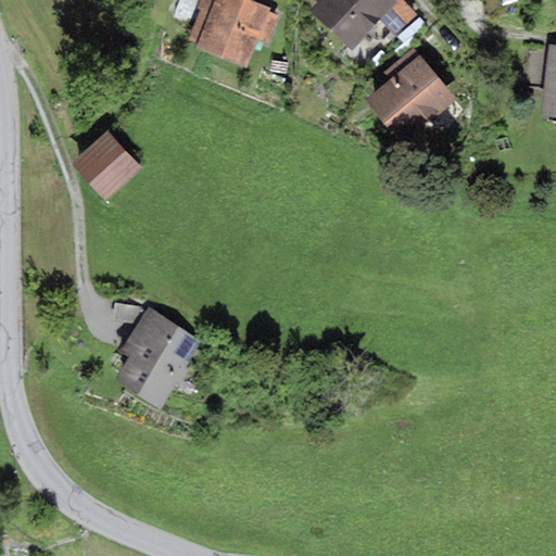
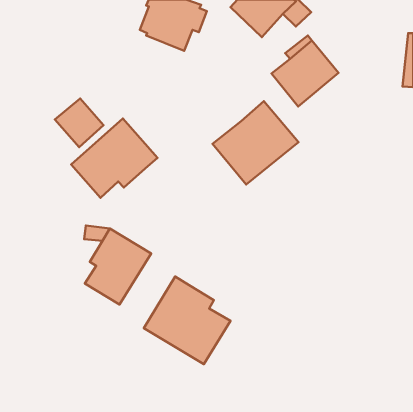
building: none -> [213,101,299,185]
building: none -> [71,118,158,198]
building: none -> [144,277,230,364]

